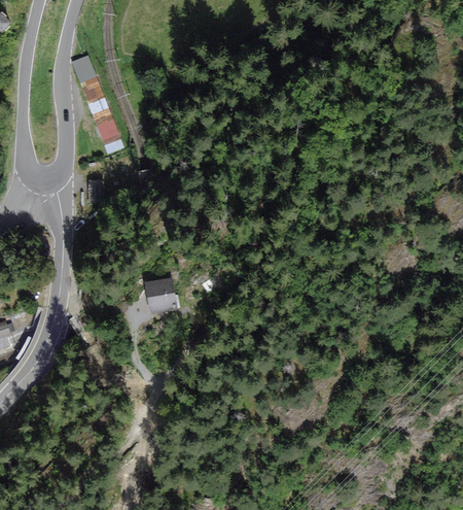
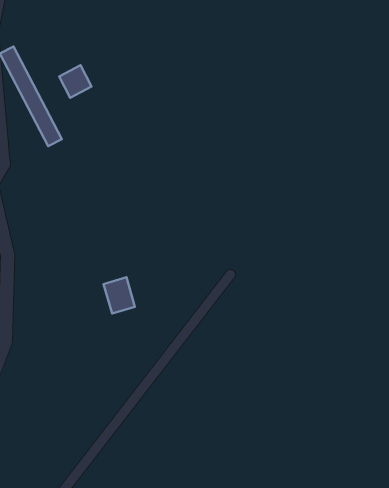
building: none -> [59,65,91,98]

